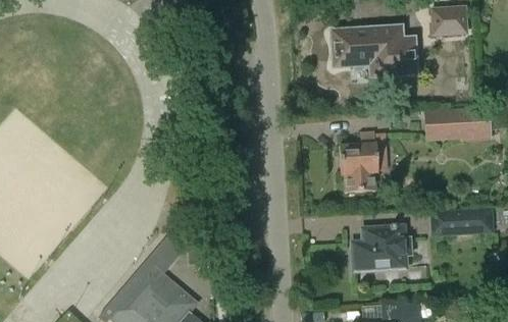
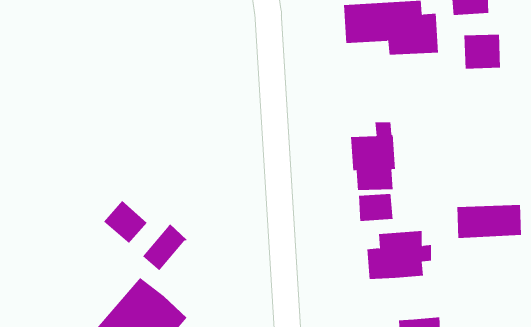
building: [425,104,492,139] -> none
building: none -> [359,193,393,222]
building: none -> [103,200,148,244]

